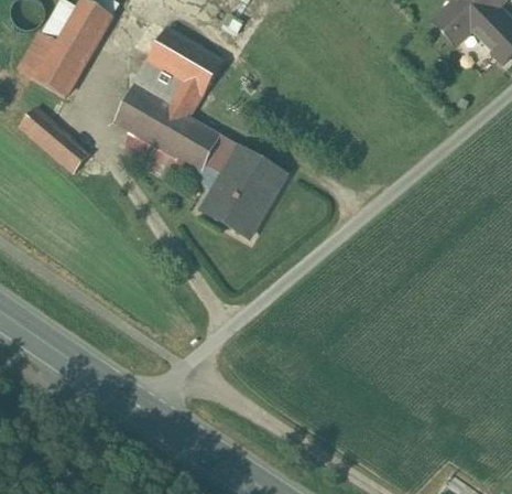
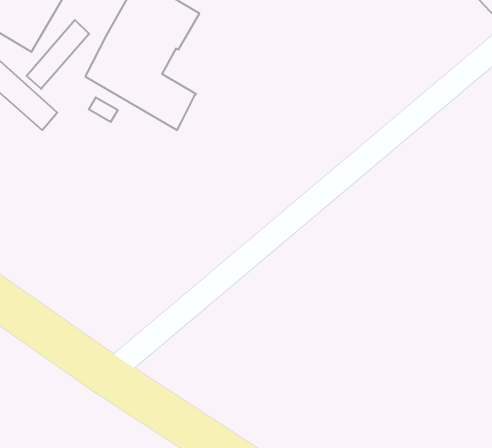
building: none -> [27,20,89,89]
building: [204,138,285,237] -> none

